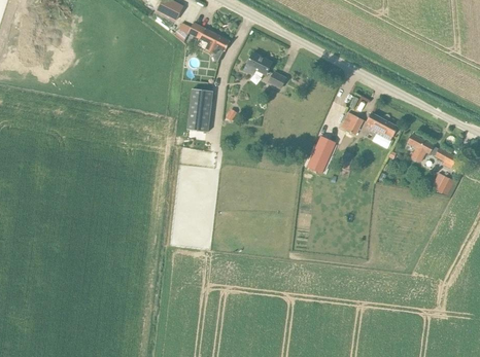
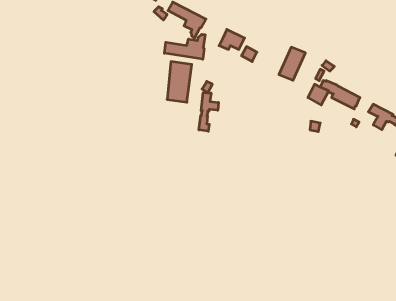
building: none -> [164,34,205,59]
building: none -> [199,93,218,131]
building: [307,136,336,172] -> [279,47,305,80]

